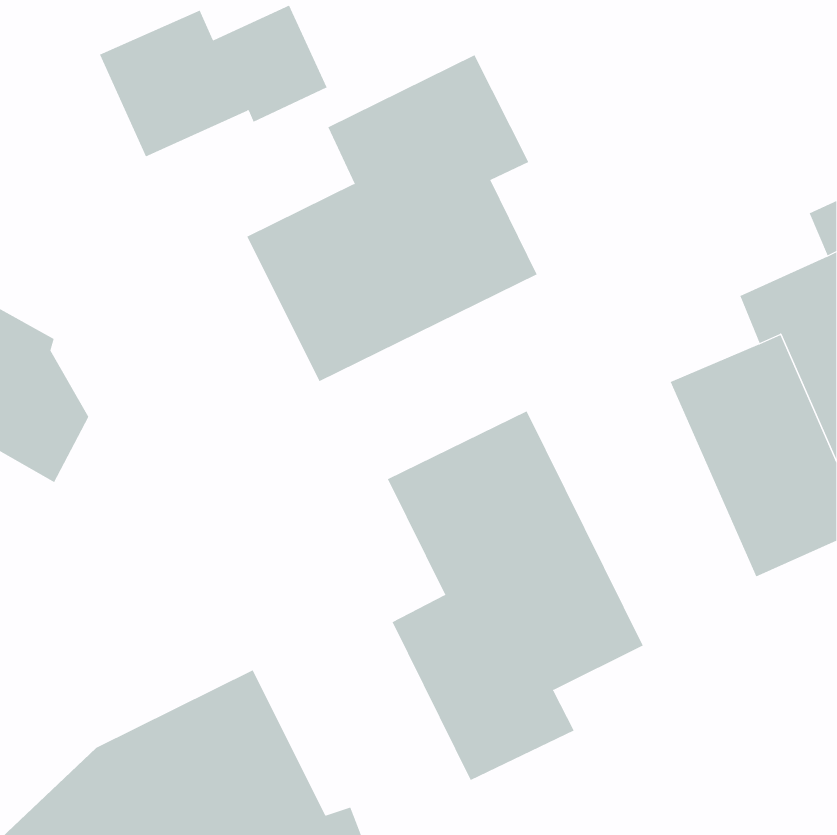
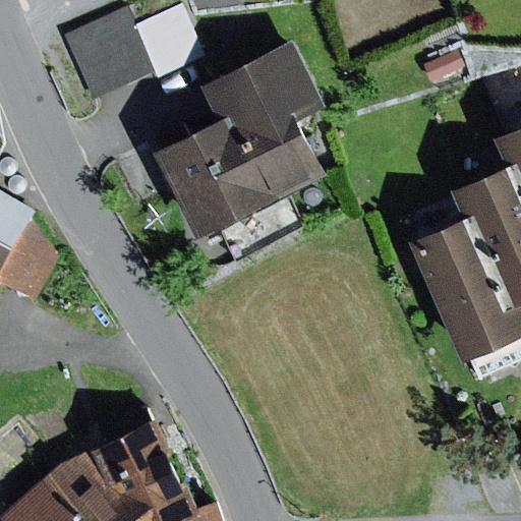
building: [387,411,643,781] -> none

